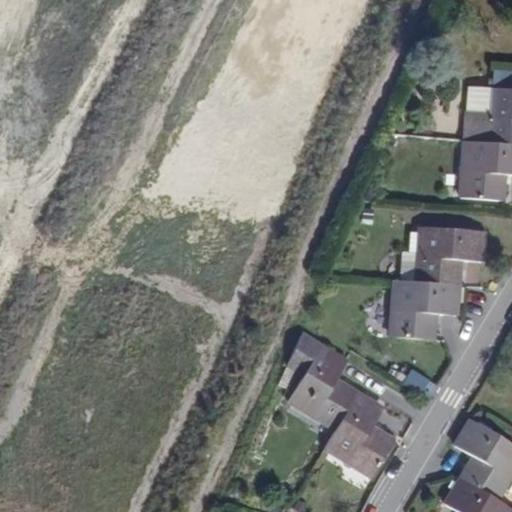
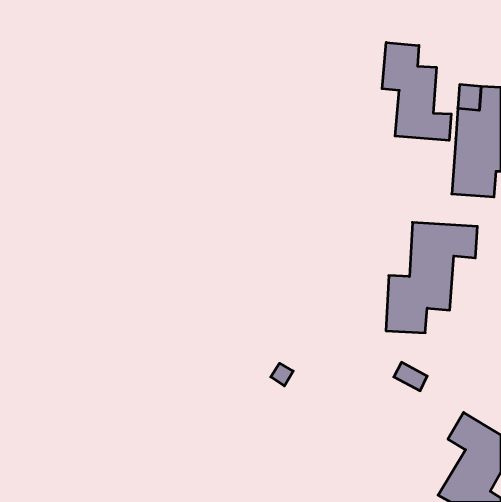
building: none -> [382,42,451,140]
building: [288,335,395,475] -> none

